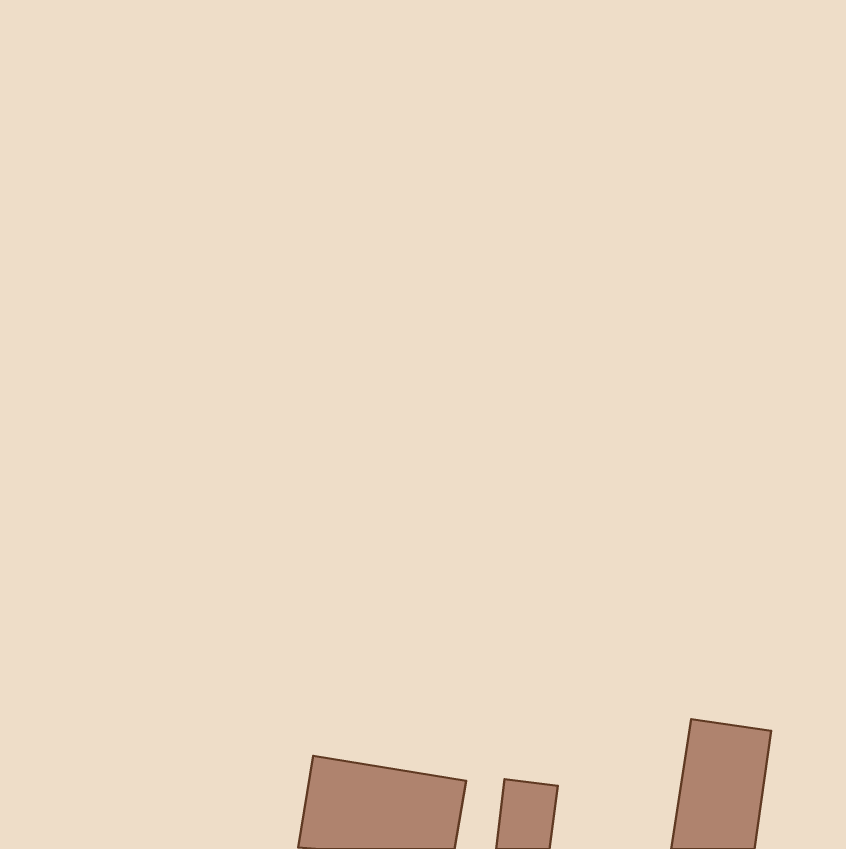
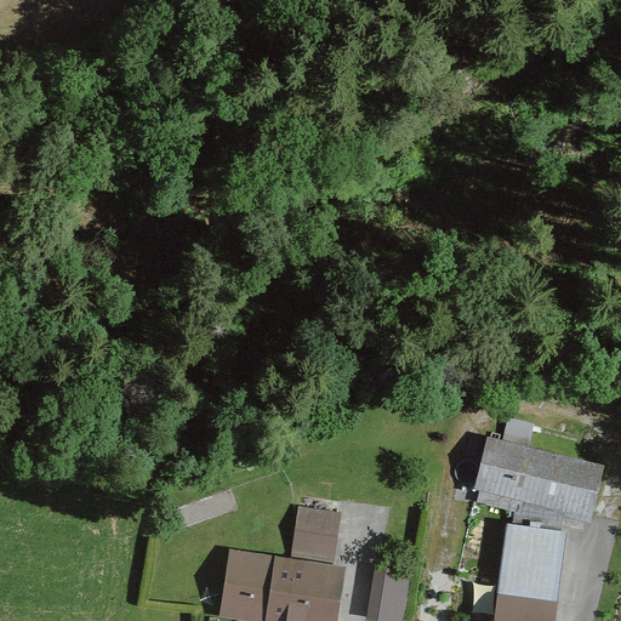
building: none -> [474,439,602,522]
building: none -> [292,509,342,563]

